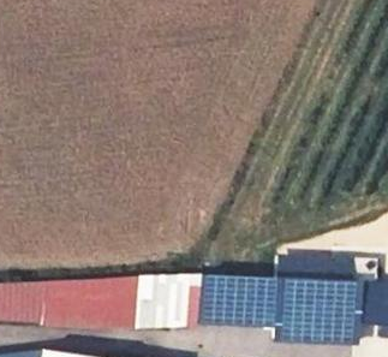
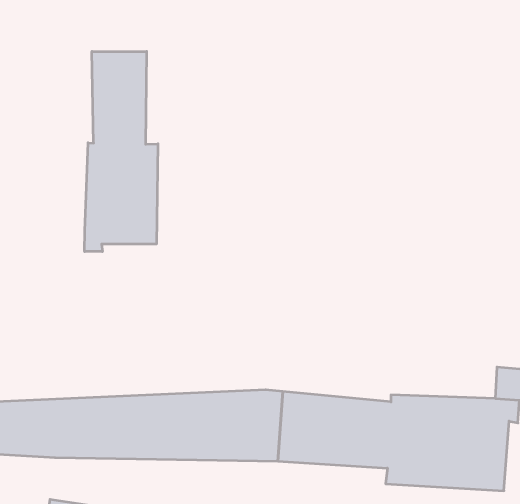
building: none -> [85,51,158,252]

